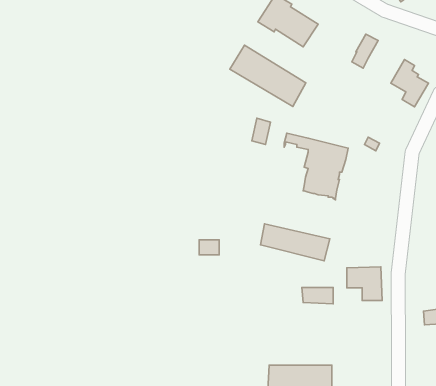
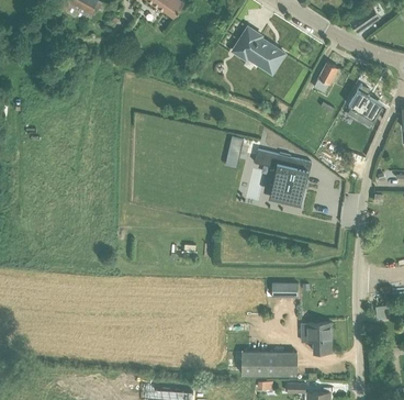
building: [230,45,306,106] -> none
building: [261,224,330,261] -> none
building: [347,267,382,301] -> [300,323,330,353]

